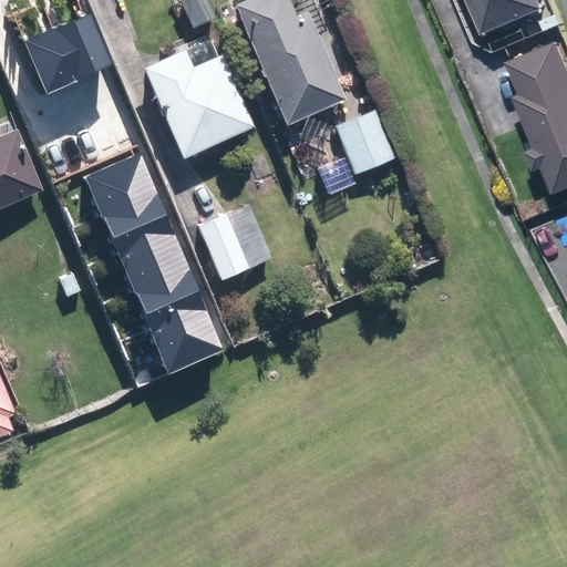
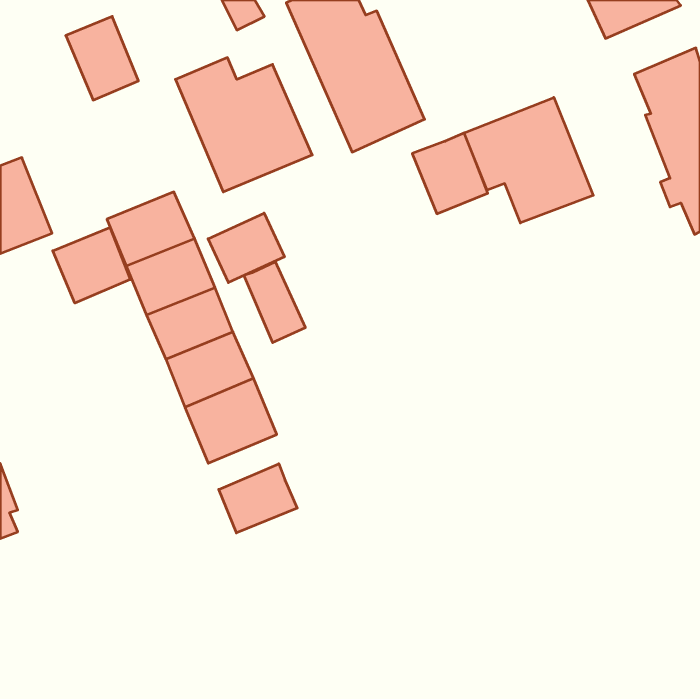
building: [24,30,75,94] -> none
building: none -> [464,97,593,223]
building: none -> [208,213,284,283]
building: none -> [53,227,130,303]
building: none -> [219,464,297,533]

